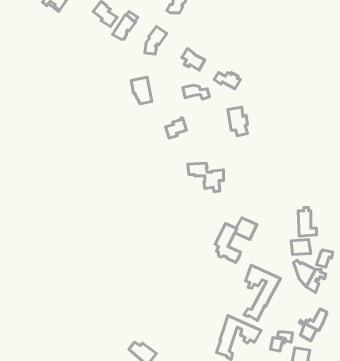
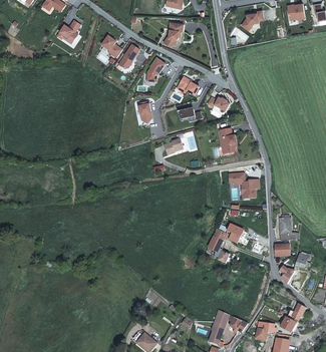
building: [188,163,223,192] -> [227,172,258,198]
building: [244,265,281,321] -> none

